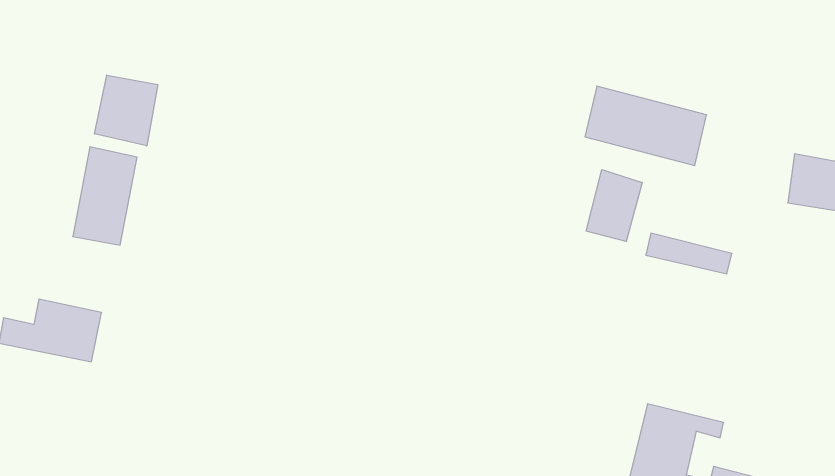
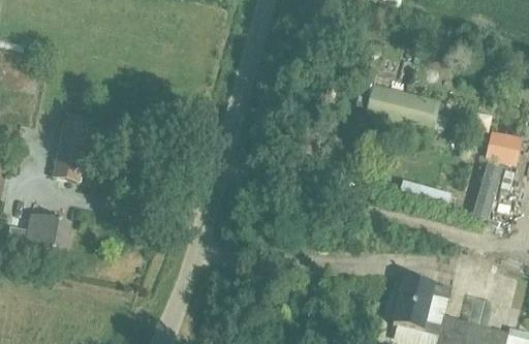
building: [95,75,158,146] -> none
building: [586,170,642,242] -> none
building: none -> [477,159,501,212]

